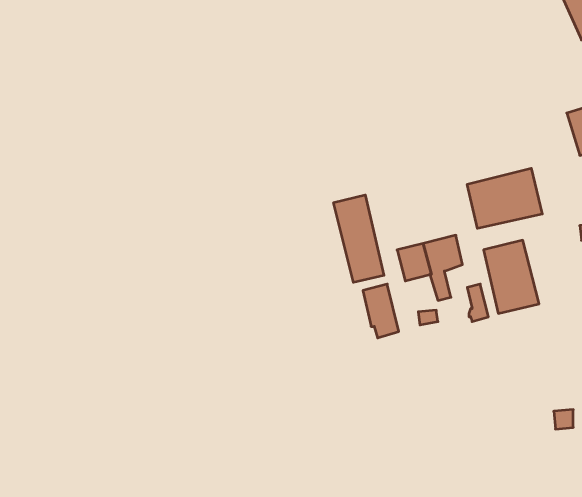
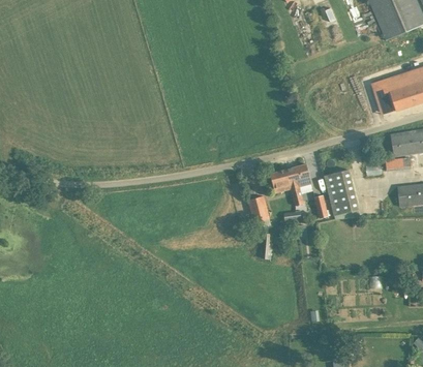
building: [467,168,542,228] -> none
building: [334,195,384,282] -> none

